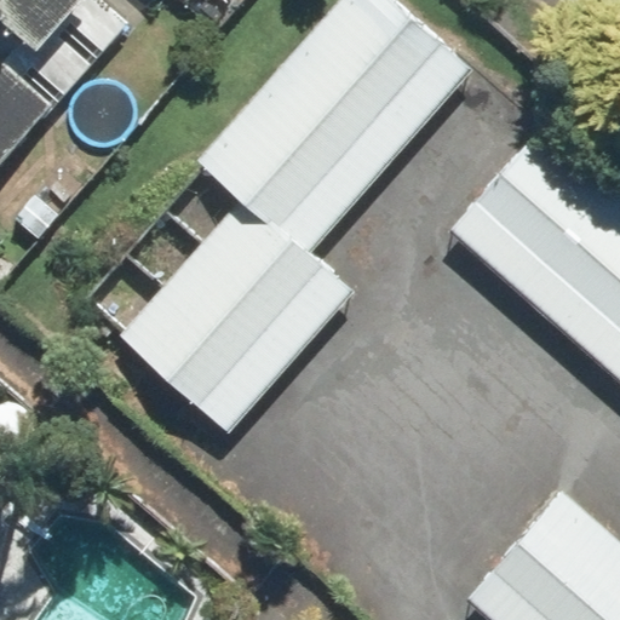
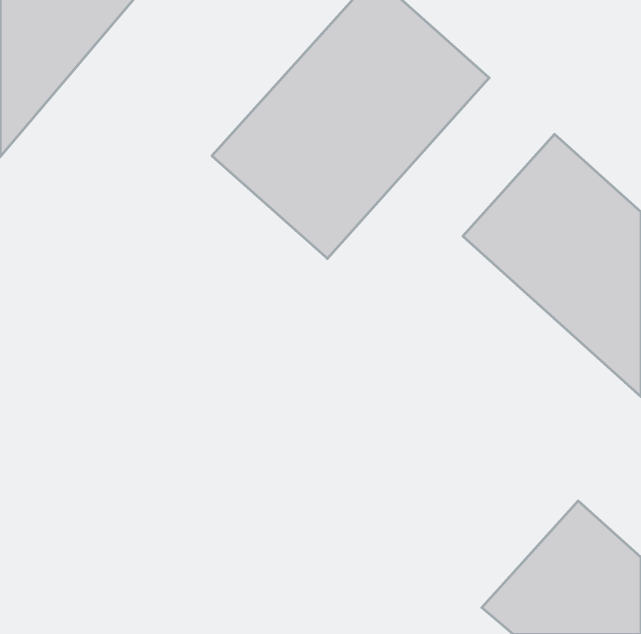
building: [126,212,350,440] -> none

